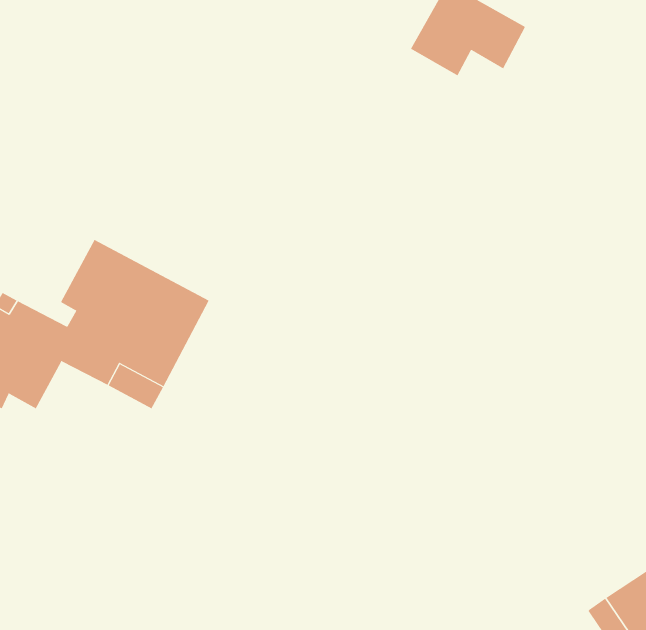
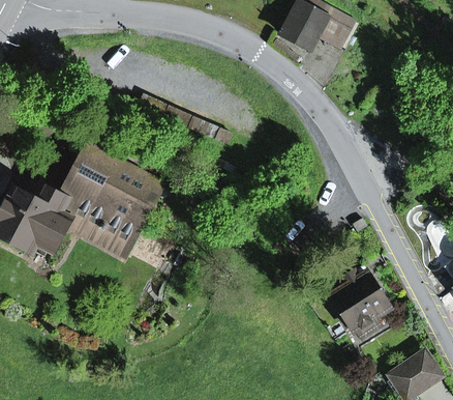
building: none -> [331,270,389,337]

